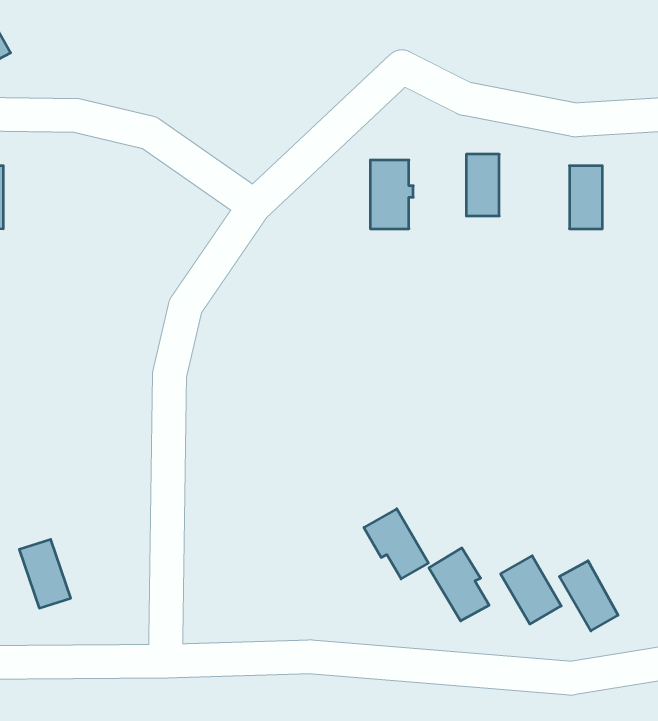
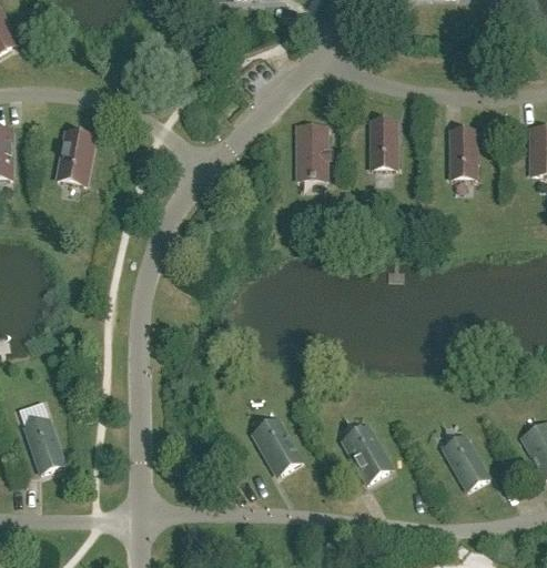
building: none -> [57,131,90,184]
building: [364,509,428,579] -> [252,418,302,473]
building: [501,556,561,624] -> none

